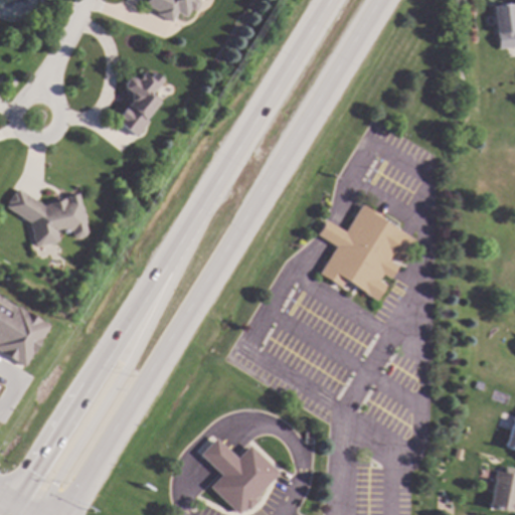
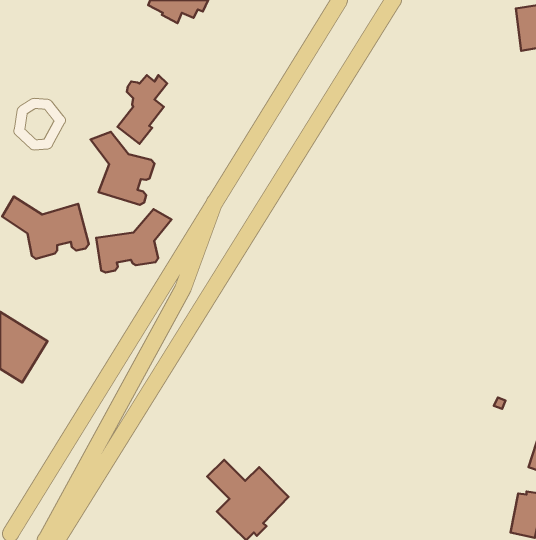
building: none -> [90,132,155,205]
building: none -> [96,209,171,272]
building: [318,204,414,300] -> none

